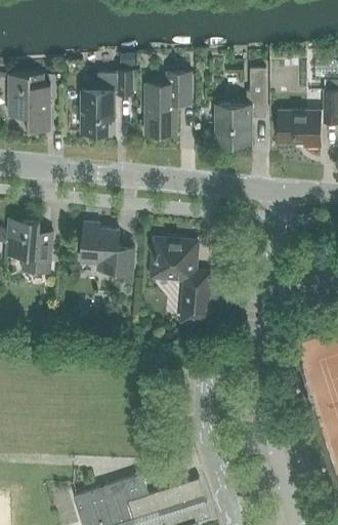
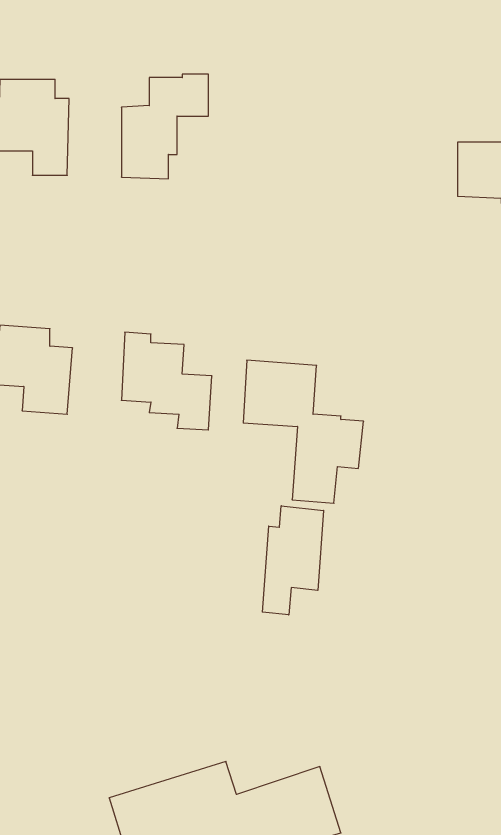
building: [216,69,265,144] -> none
building: [144,73,191,135] -> none
building: none -> [262,506,324,615]

